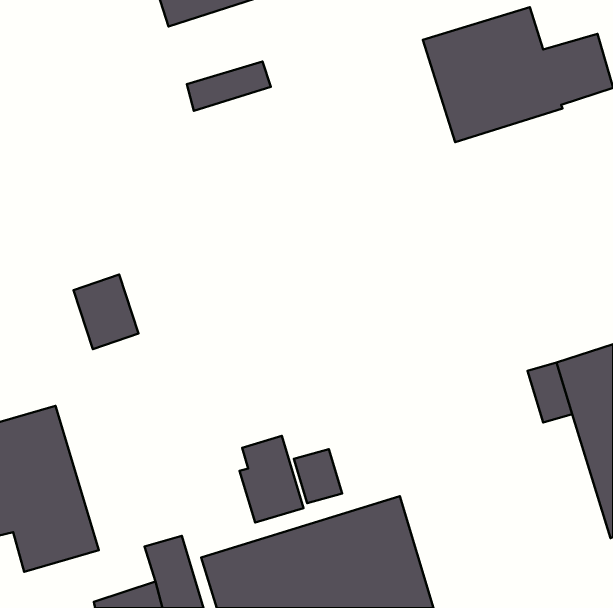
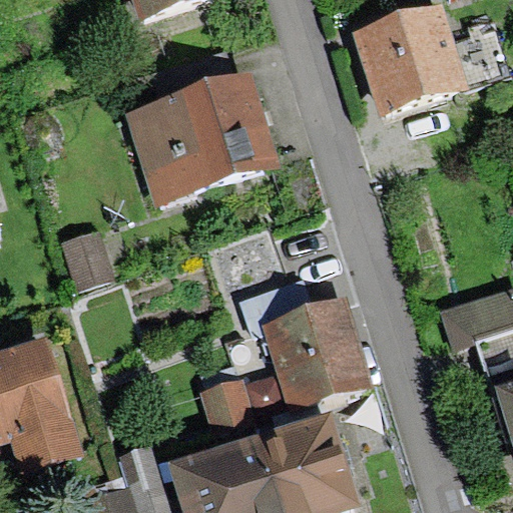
building: none -> [125,73,282,209]
building: none -> [238,280,372,411]

